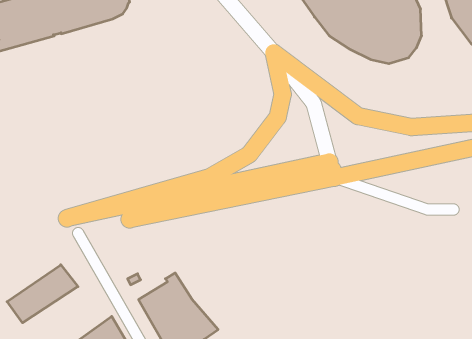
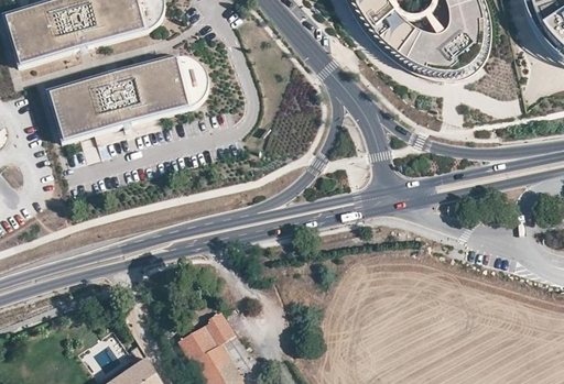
building: none -> [48,53,208,141]
building: [7,265,78,323] -> none

